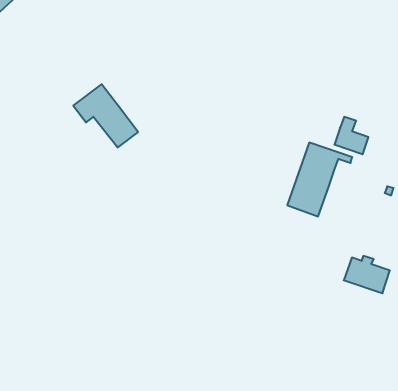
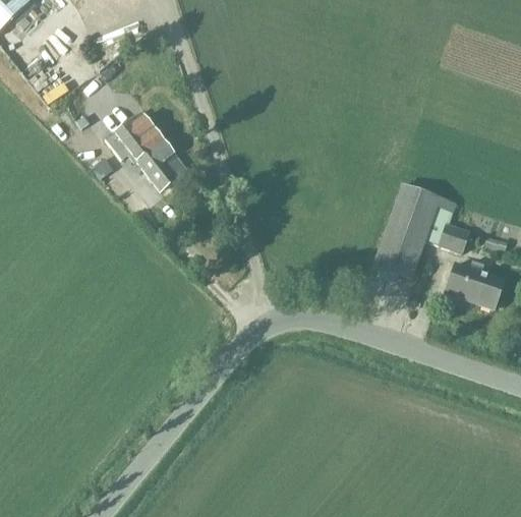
building: [334,117,368,154] -> [425,205,468,251]
building: [344,256,390,293] -> [446,262,504,308]

